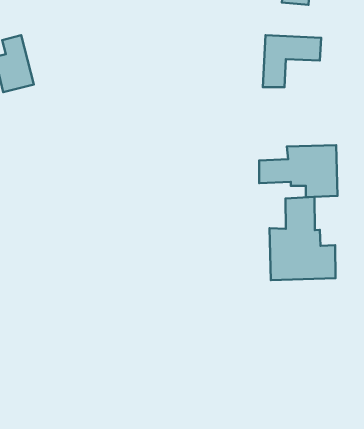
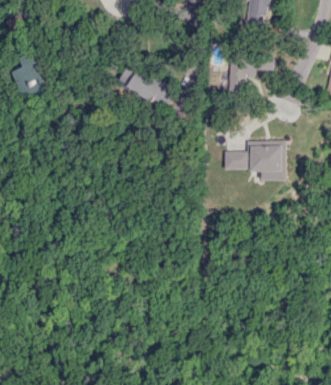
building: none -> [118,62,176,111]
building: [270,197,335,280] -> none

